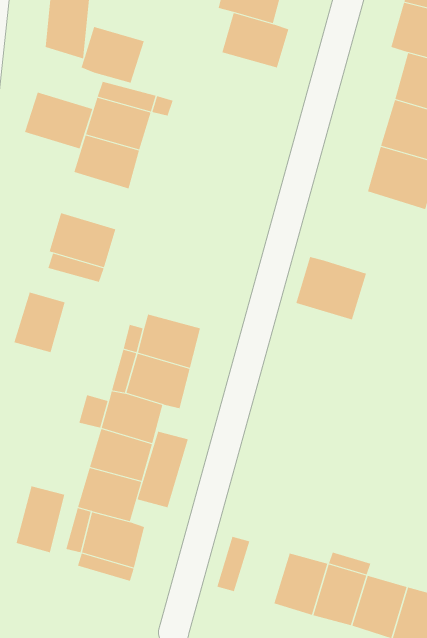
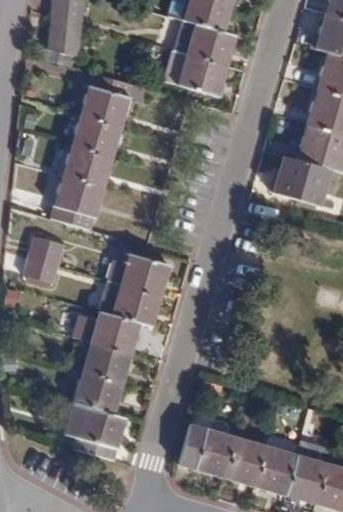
building: [81,26,144,83] -> none
building: none -> [176,52,227,93]
building: [24,92,93,149] -> [60,144,113,188]
building: [295,257,367,320] -> [273,156,328,205]
building: [137,431,189,508] -> none
building: [16,485,65,553] -> none
building: none -> [194,428,236,476]

